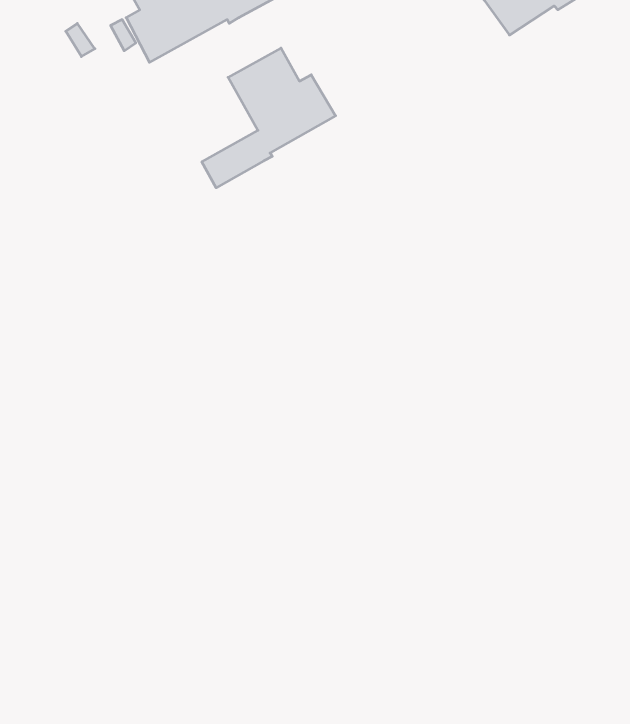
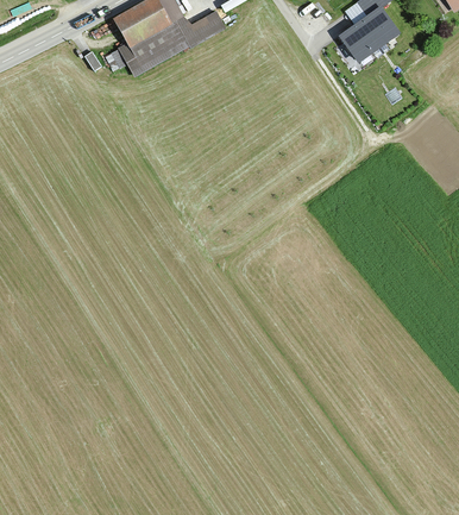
building: [202,48,336,188] -> none

